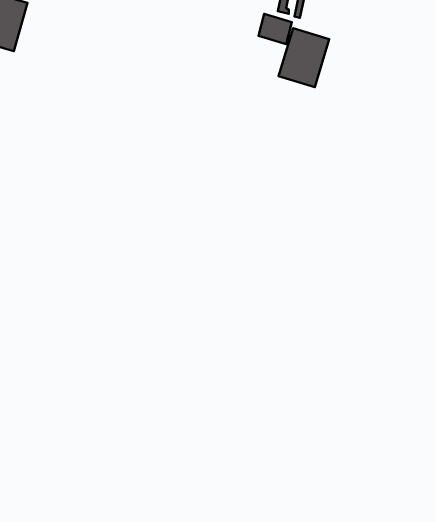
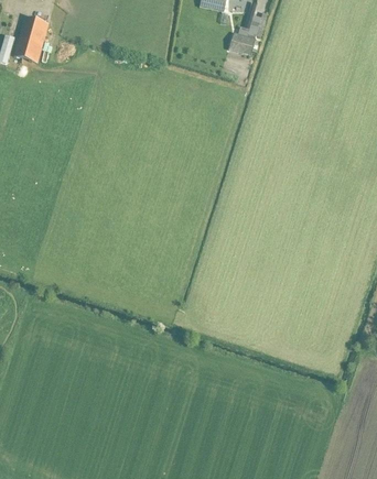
building: [279,28,329,87] -> none

